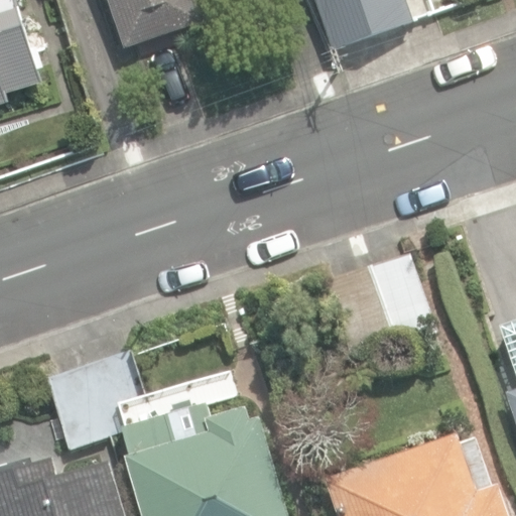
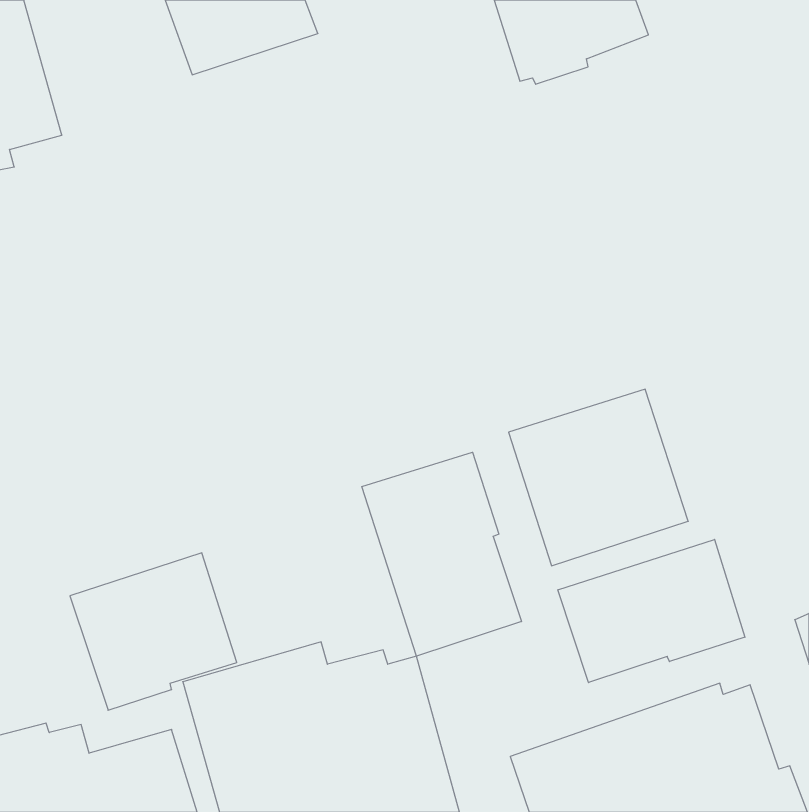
building: none -> [362,452,521,656]
building: none -> [558,539,745,683]

